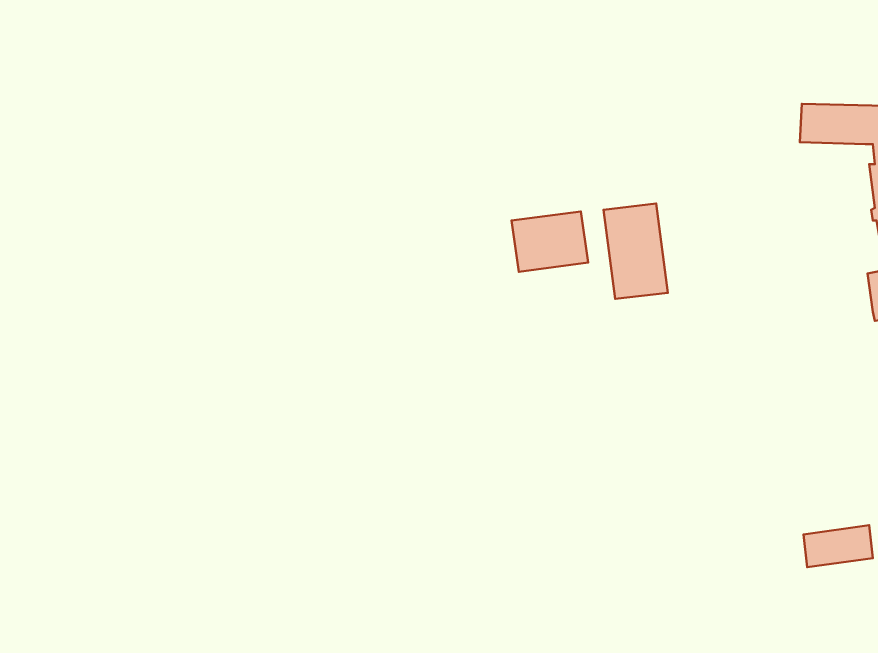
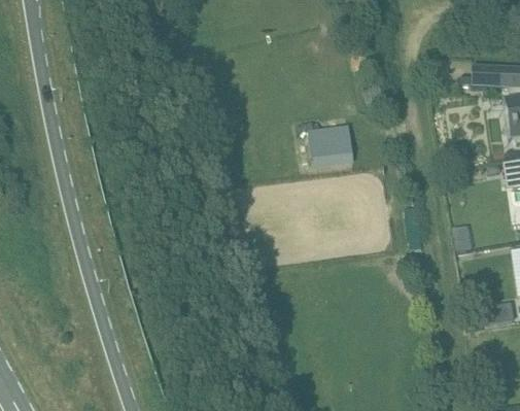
building: [603,204,668,299] -> none

